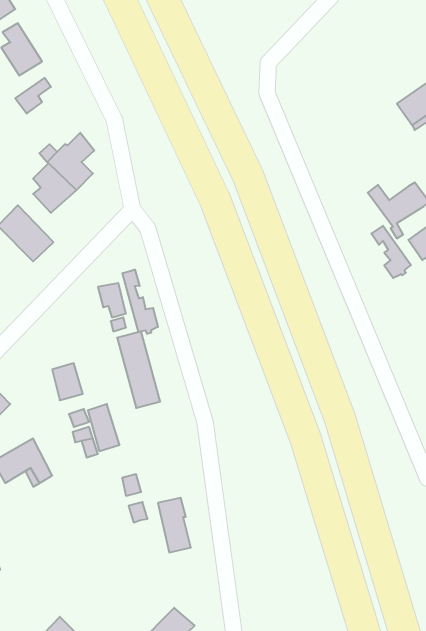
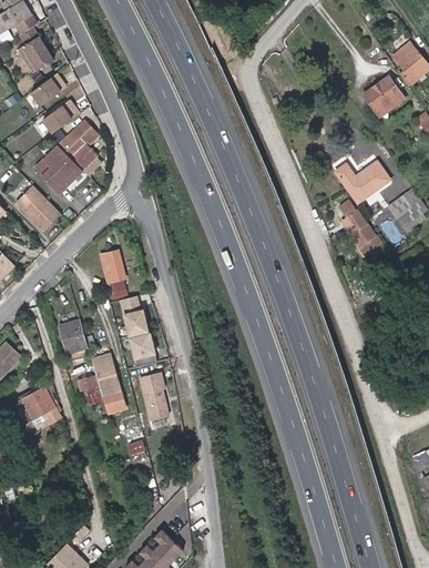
building: none -> [42,100,79,131]
building: [123,269,158,334] -> none
building: [158,498,191,553] -> [140,374,168,422]

